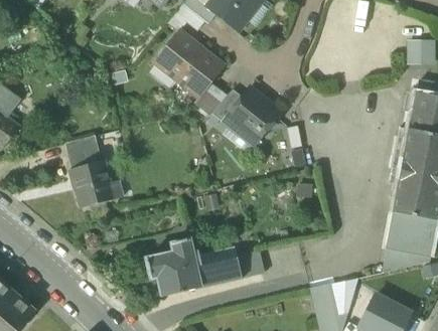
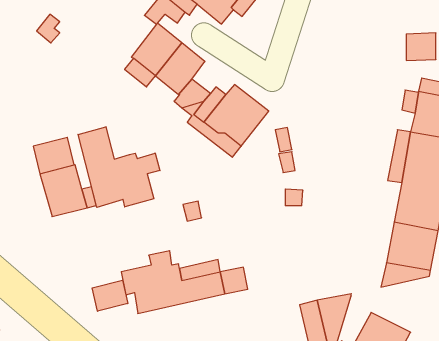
building: none -> [78,127,160,207]
building: none -> [92,280,128,311]

